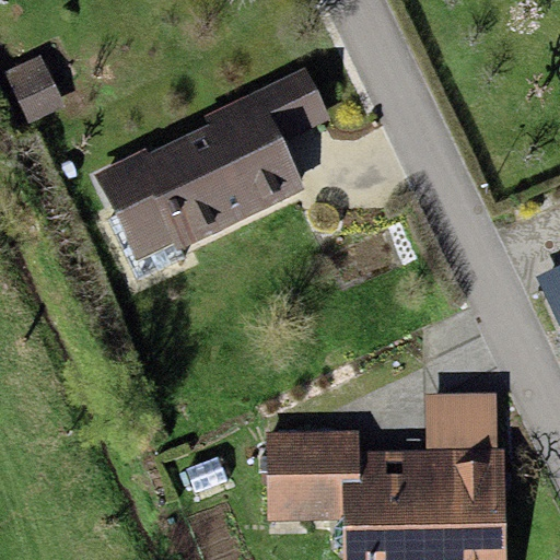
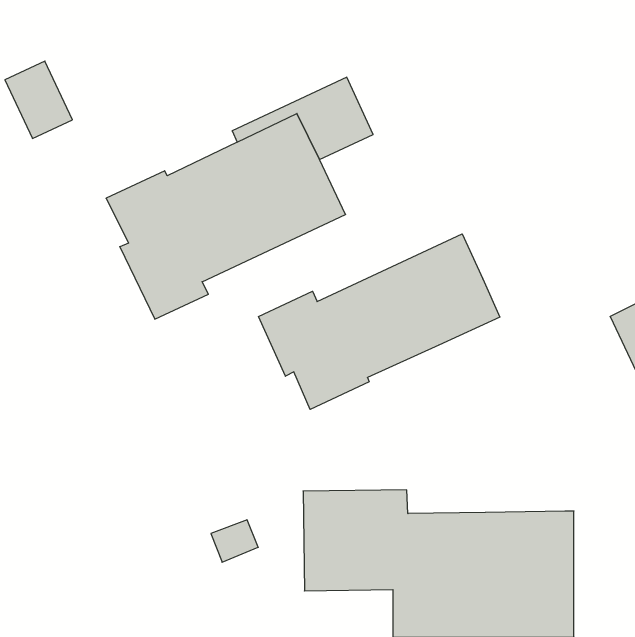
building: none -> [259,234,500,409]
building: [425,394,498,450] -> none

